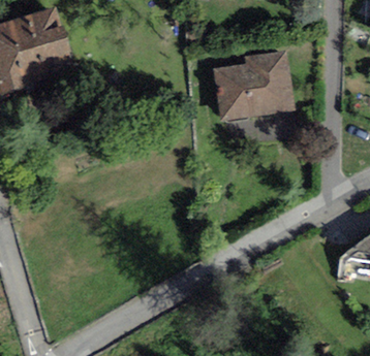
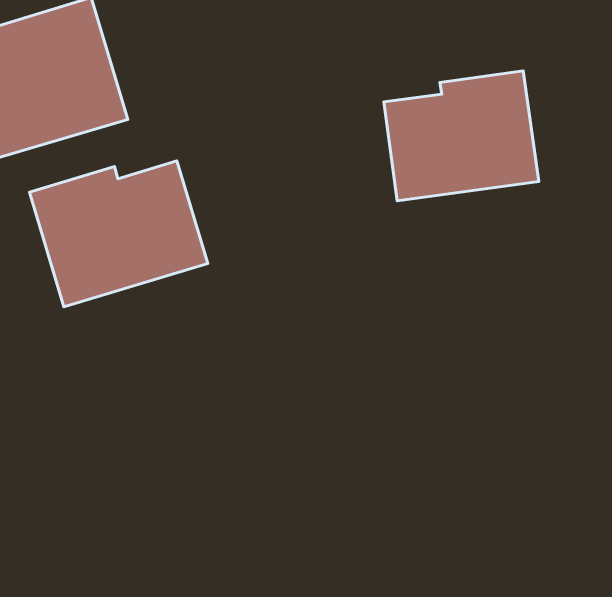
building: none -> [30,161,208,307]

